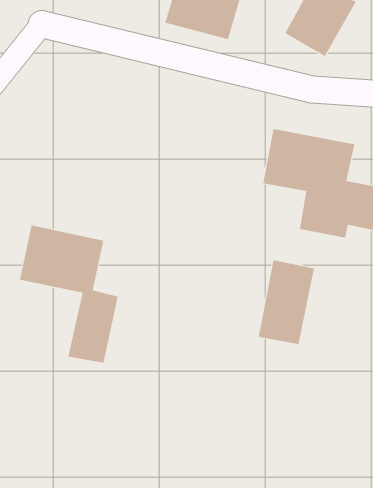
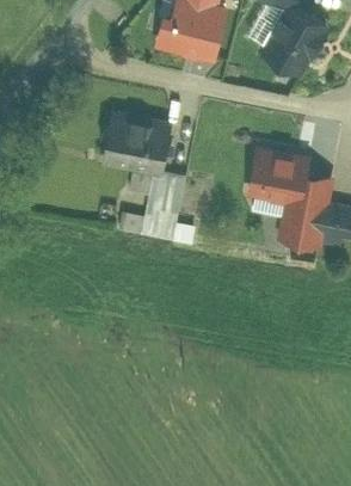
building: [19,225,118,363] -> [97,112,187,239]
building: [258,260,315,345] -> none

